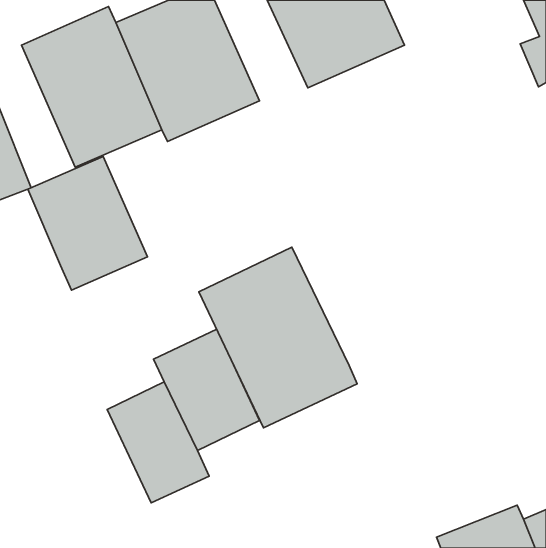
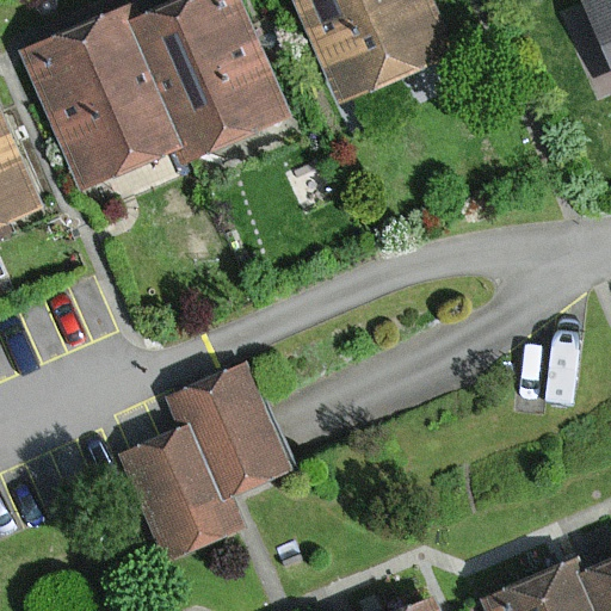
building: [28,157,147,290] -> none
building: [199,247,357,428] -> none

